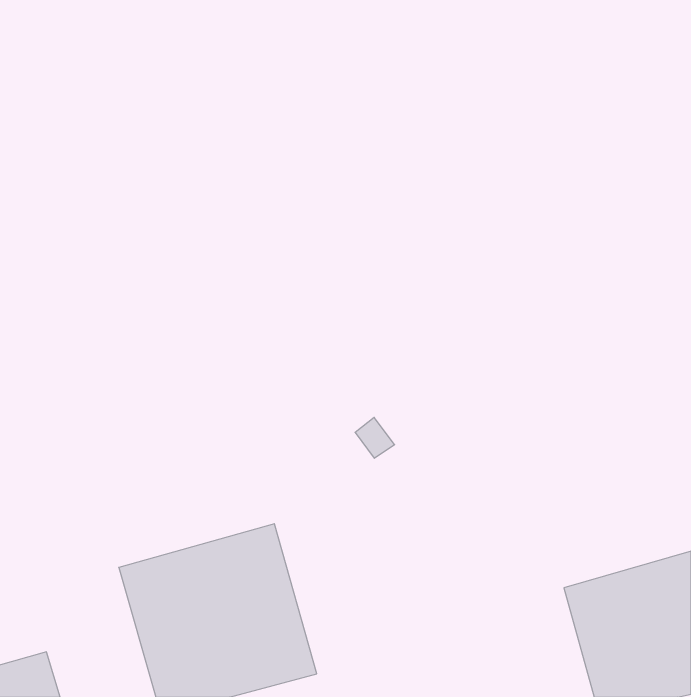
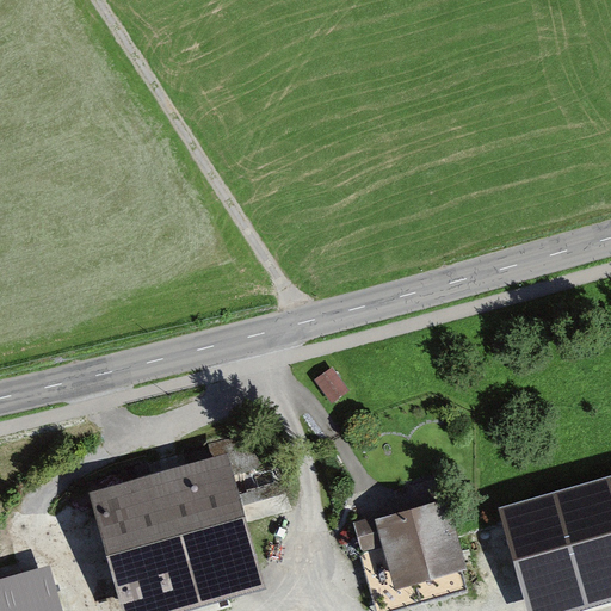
building: none -> [348,493,462,580]

